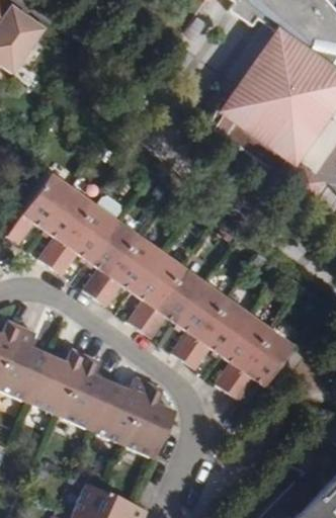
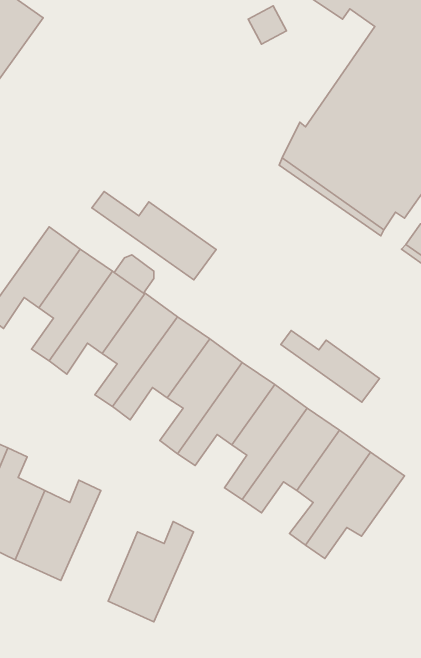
building: none -> [92,192,216,280]
building: none -> [281,330,380,402]
building: [59,354,111,430] -> none
building: [122,382,175,458] -> none

